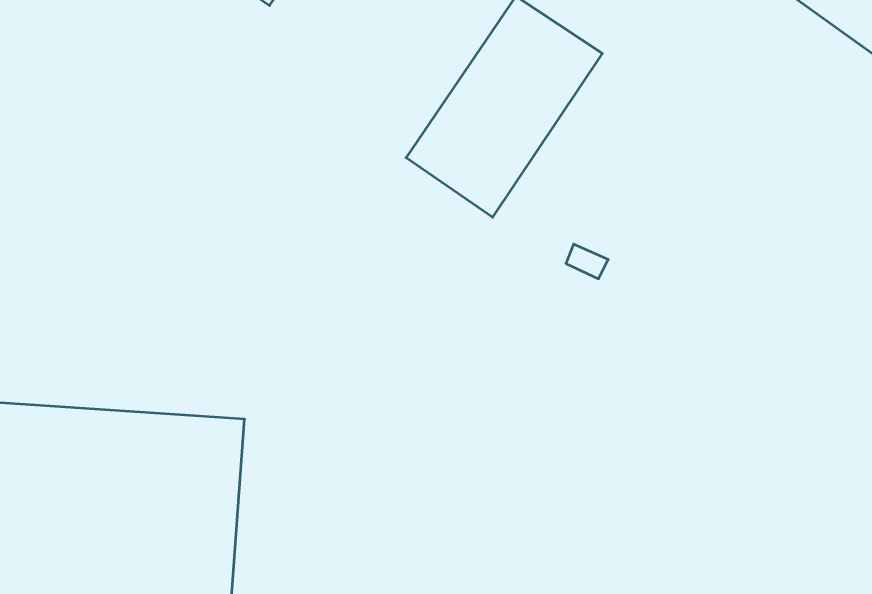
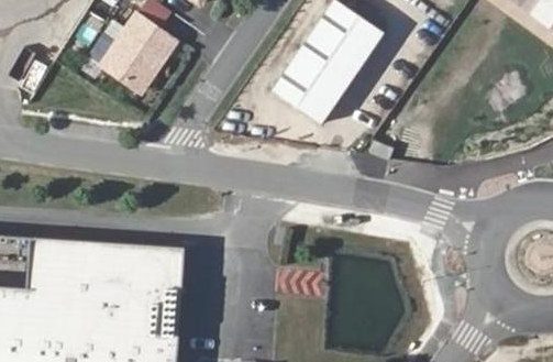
building: none -> [99,15,173,91]

